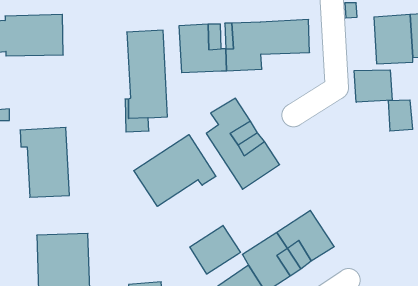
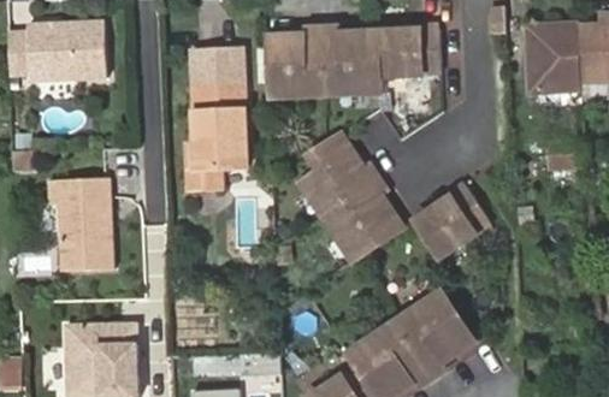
building: [354,70,392,102] -> none
building: none -> [414,185,489,256]
building: [134,135,216,206] -> none
building: [190,225,240,274] -> none

